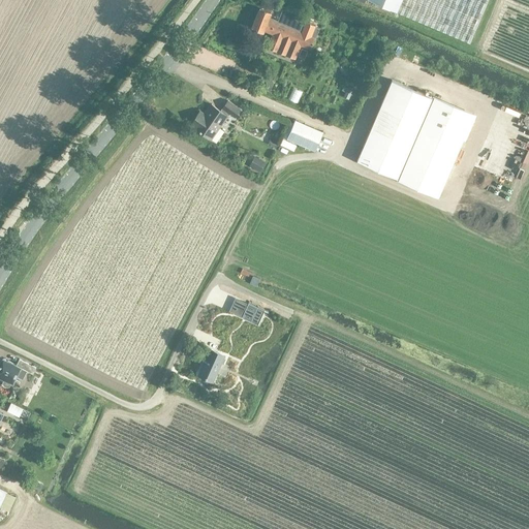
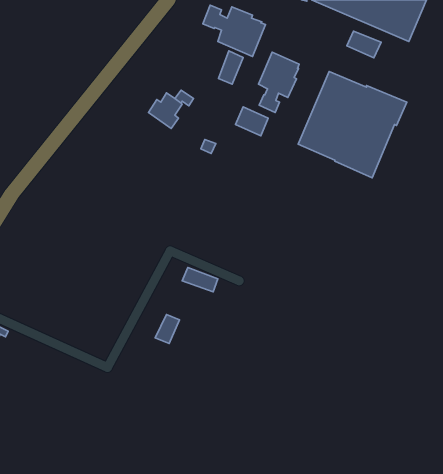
building: none -> [347,31,381,58]
building: none -> [218,51,243,84]
building: none -> [258,52,299,112]

